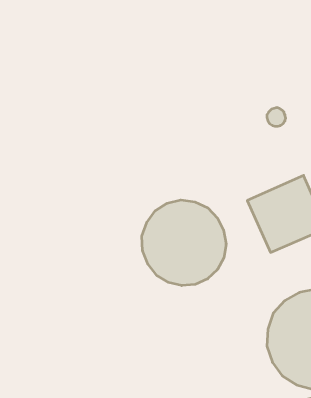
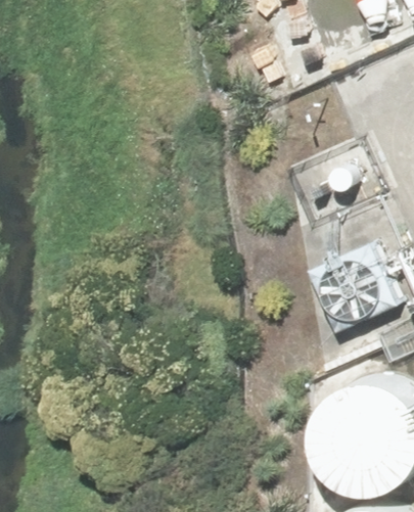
building: [142,200,226,286] -> none

